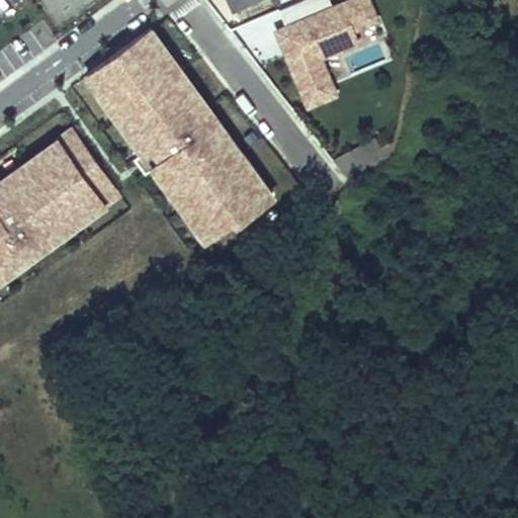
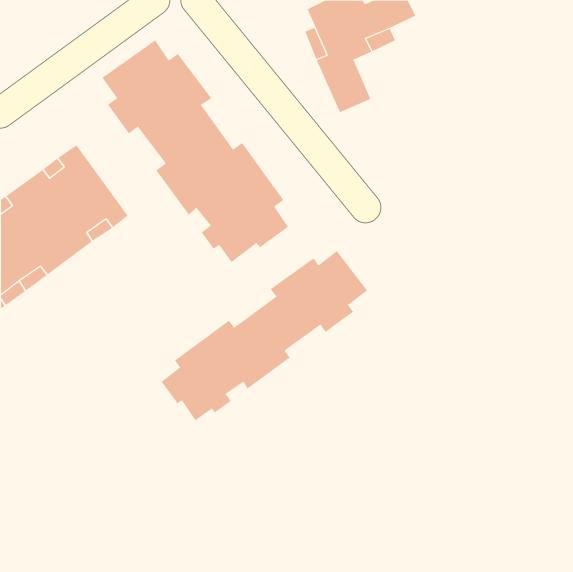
building: none -> [161,250,368,421]

